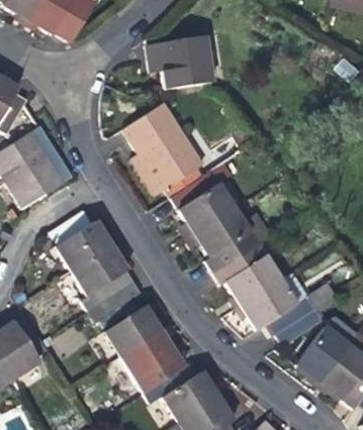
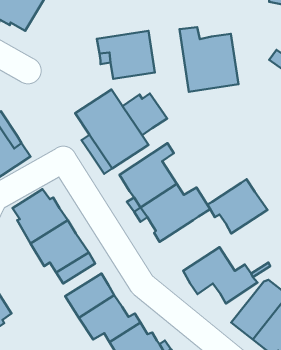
building: none -> [180,27,239,92]
building: none -> [123,94,167,135]
building: [213,243,280,304] -> [208,179,267,233]

